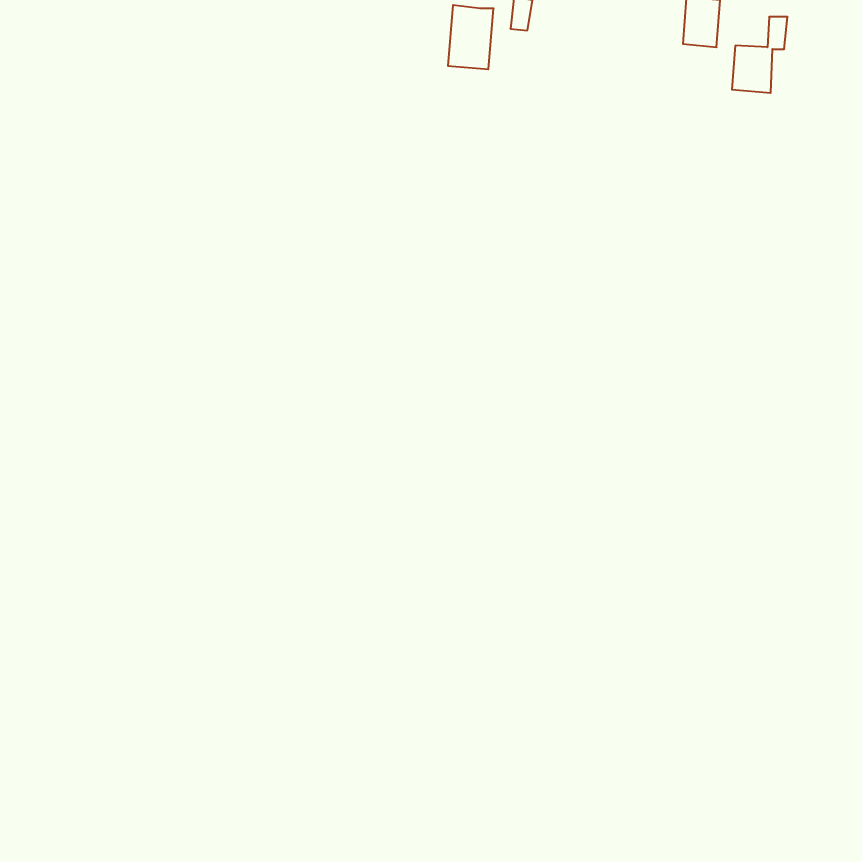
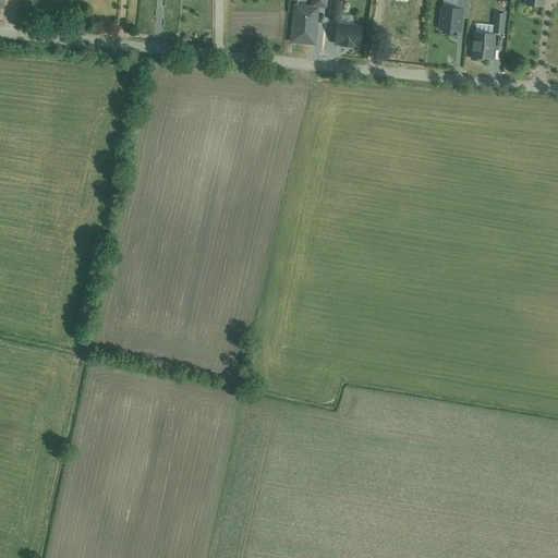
building: none -> [336,22,365,47]

